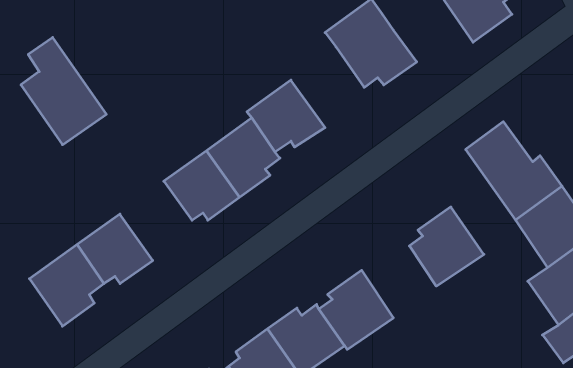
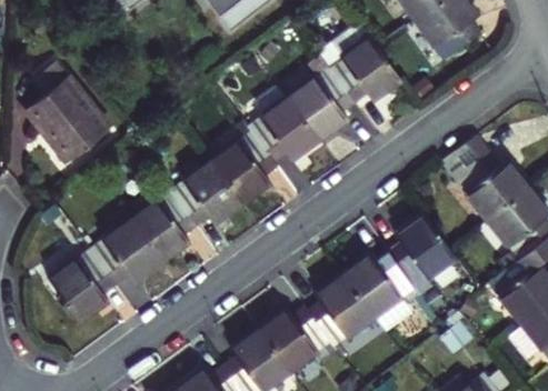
building: none -> [281,71,348,144]
building: none -> [126,193,191,265]
building: none -> [346,252,419,331]

